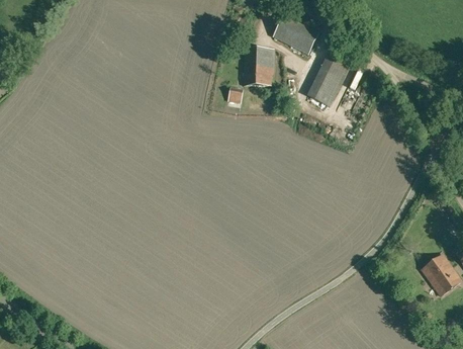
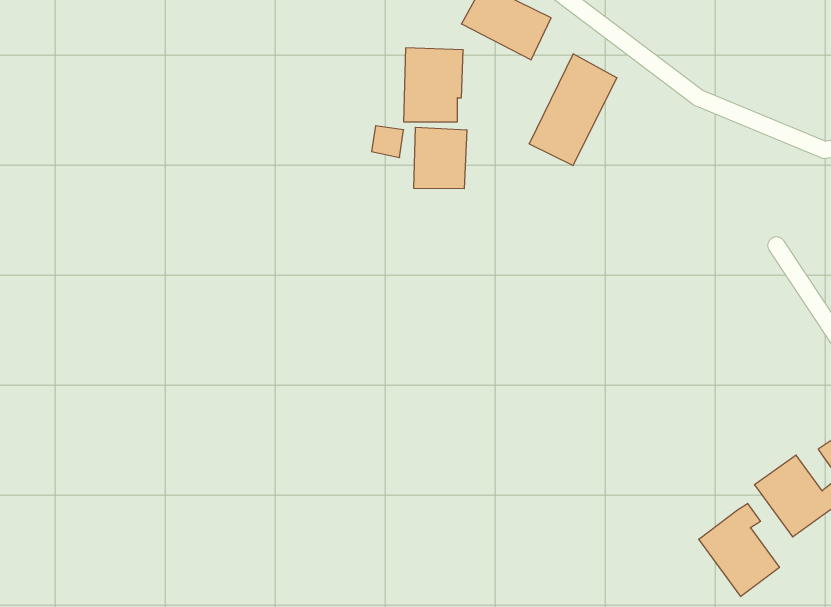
building: none -> [414,127,467,189]
building: none -> [699,503,779,597]

